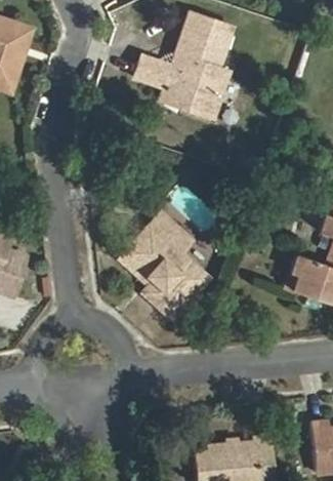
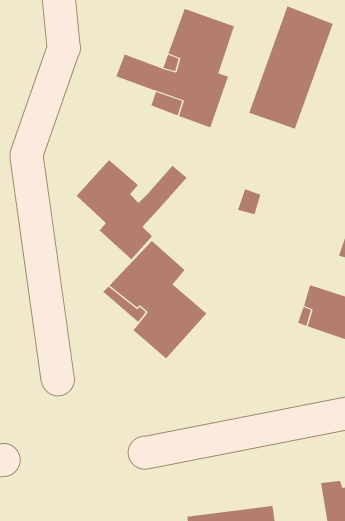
building: none -> [249,6,333,130]
building: none -> [76,159,187,260]

